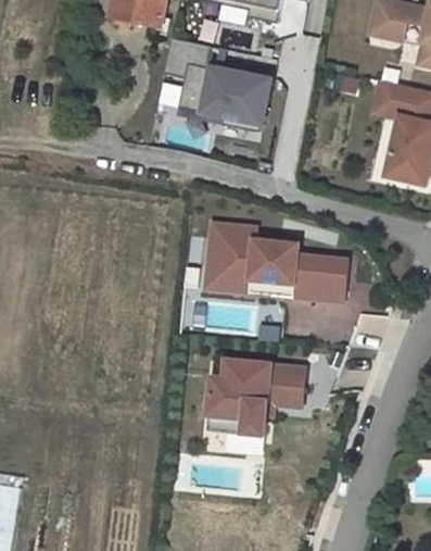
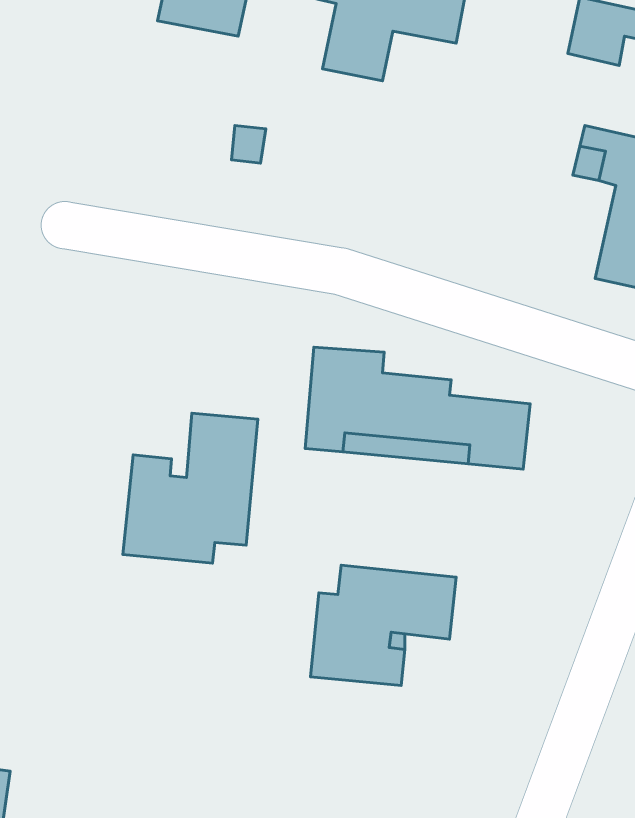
building: [179,62,270,128] -> none
building: none -> [123,413,258,563]

